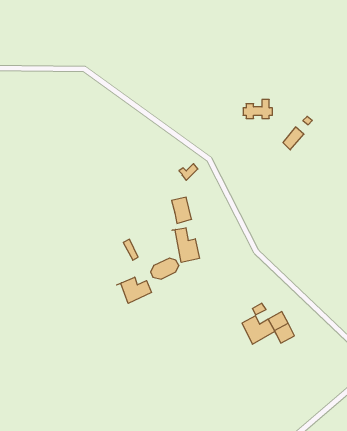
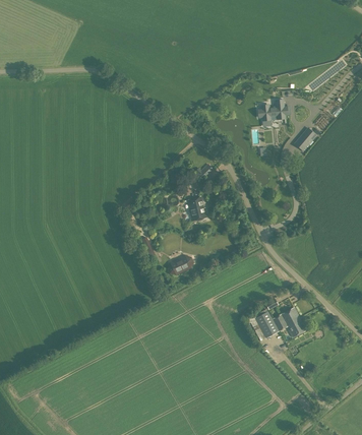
building: [172,228,199,262] -> none
building: [117,277,152,303] -> none

